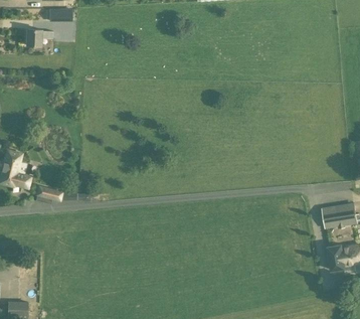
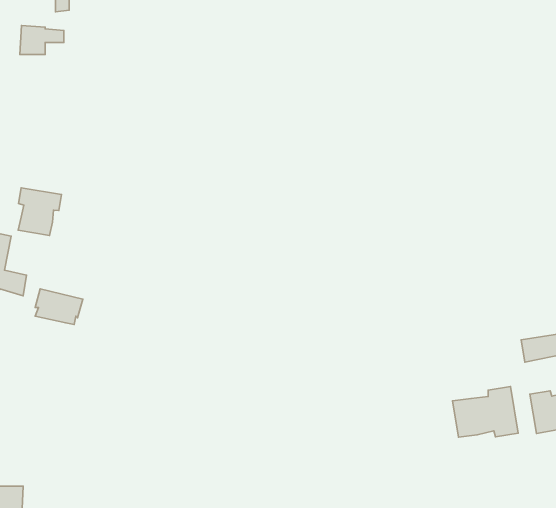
building: none -> [18,188,61,235]
building: none -> [452,386,518,437]

